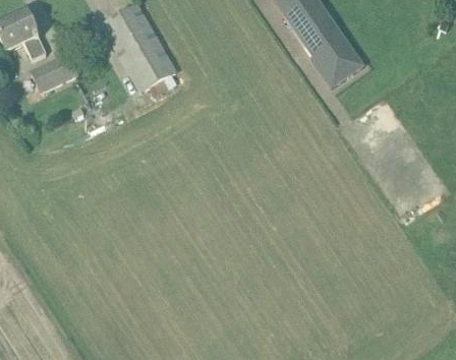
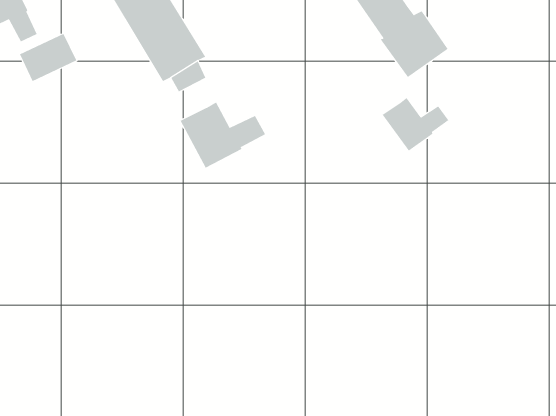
building: none -> [382,97,449,152]
building: none -> [180,102,266,168]

